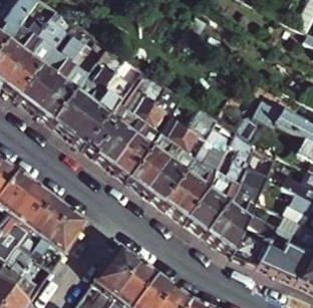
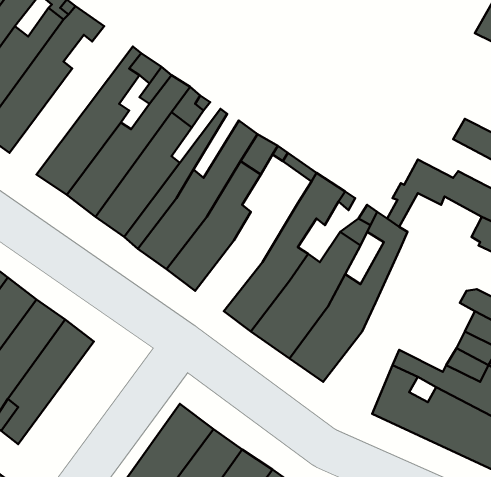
building: [19,22,92,110] -> none
building: [129,119,191,192] -> none
building: [206,144,276,253] -> none
building: [24,210,87,279] -> none

